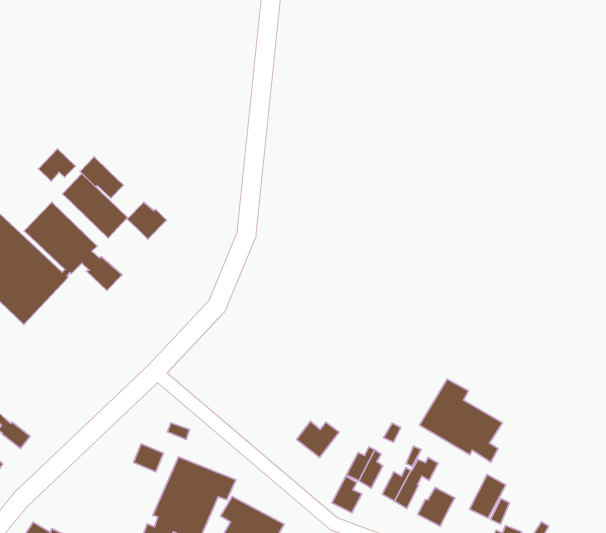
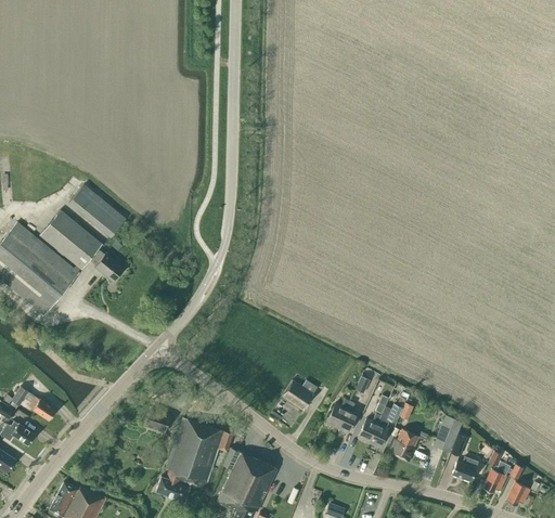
building: [38,149,76,181] -> none
building: [80,157,123,198] -> none
building: [127,202,166,239] -> none
building: [419,379,502,462] -> none
building: [332,476,362,513] -> none

